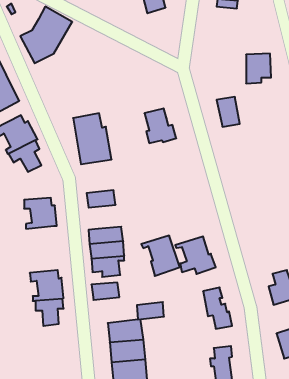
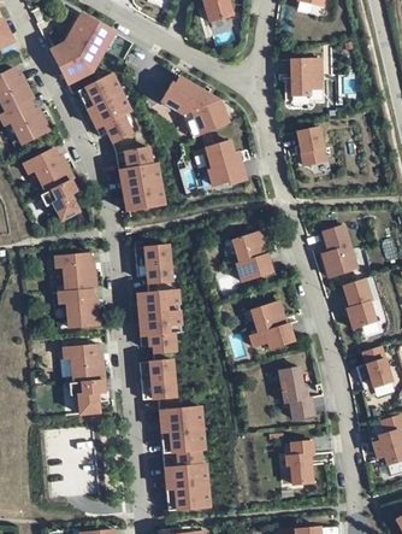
building: [246,54,271,83] -> [290,58,321,95]
building: none -> [78,74,132,143]
building: none -> [160,77,229,137]
building: none -> [323,223,354,275]
building: none -> [136,262,171,282]
building: none -> [344,276,377,327]
building: none -> [58,288,100,327]
building: [141,236,180,276] -> [224,231,272,282]
building: [137,302,164,319] -> [142,377,176,399]

